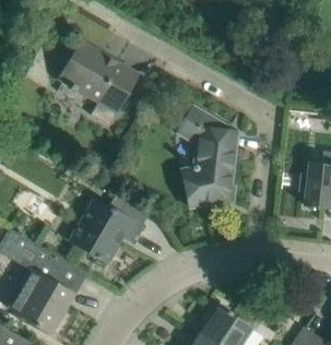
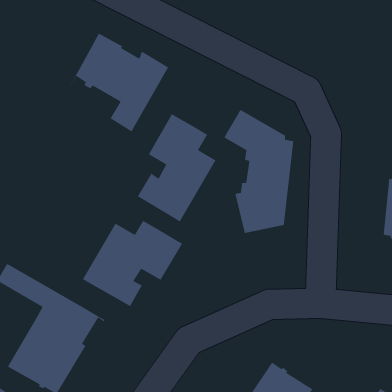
building: none -> [137,113,217,223]

